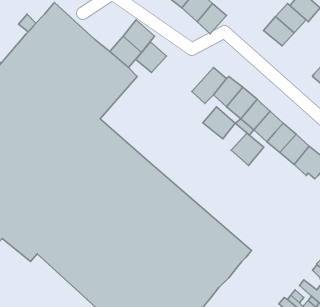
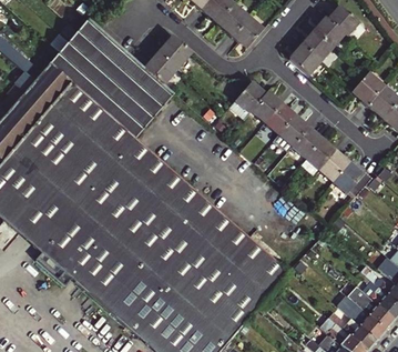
building: none -> [289,47,320,77]
building: [136,42,166,73] -> none
building: [203,107,235,139] -> none
building: [231,133,264,166] -> none

